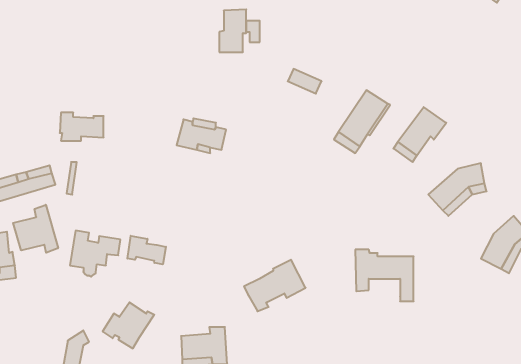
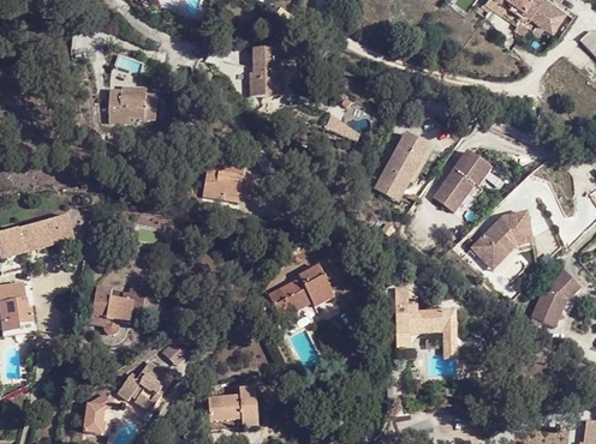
building: [60,113,104,141] -> [108,96,155,126]
building: [13,205,58,253] -> none
building: [127,236,166,264] -> none
building: [244,260,306,311] -> [267,265,333,320]

